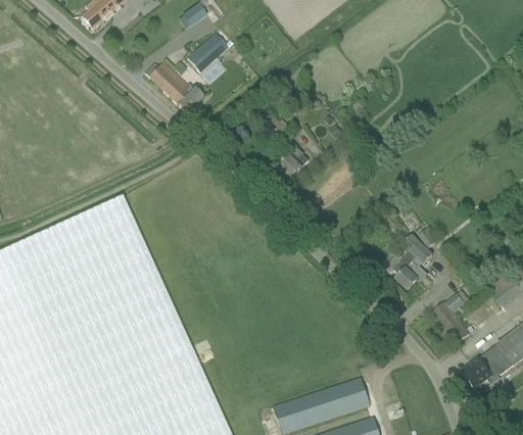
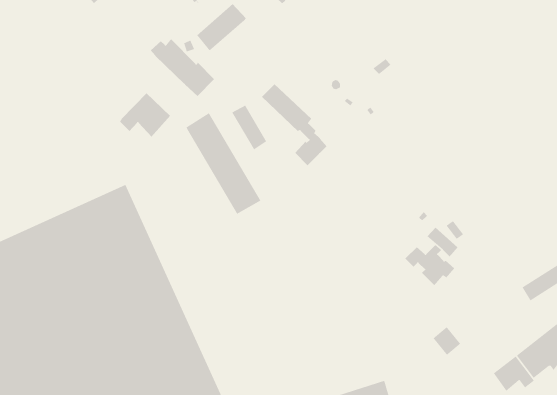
building: none -> [119,92,171,137]
building: none -> [231,105,267,150]
building: none -> [186,112,262,215]
building: [431,300,458,328] -> [432,326,461,356]

